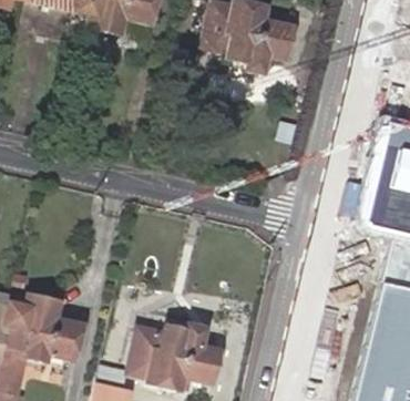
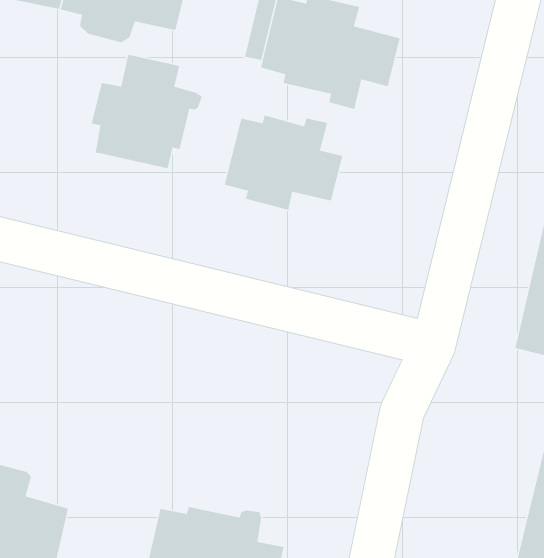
building: none -> [91,54,203,169]
building: none -> [224,114,343,211]

